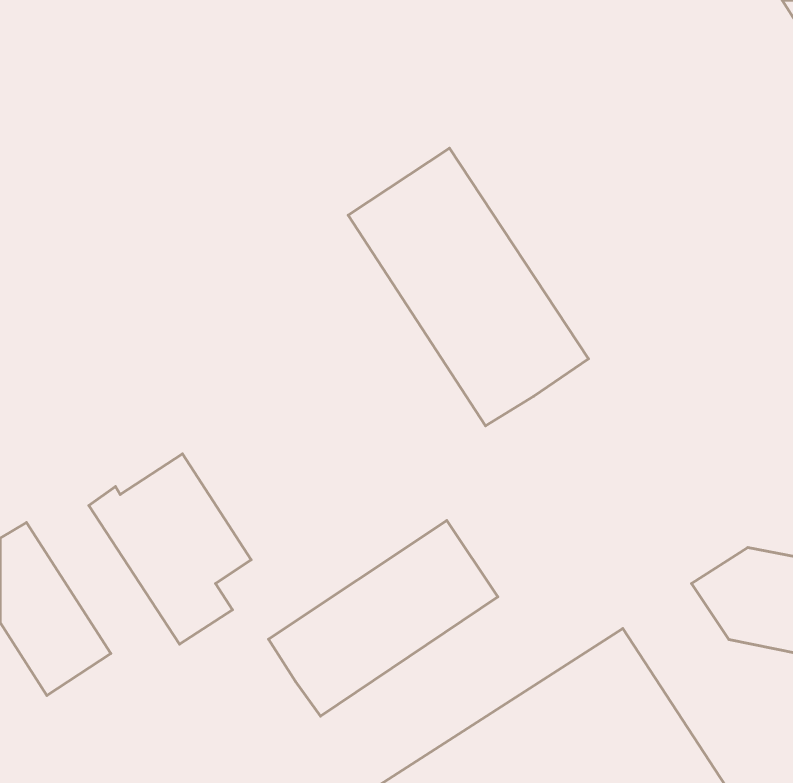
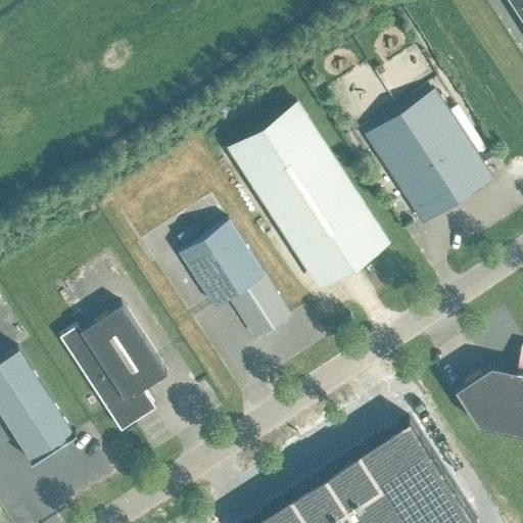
building: none -> [372,101,492,221]
building: none -> [180,222,292,341]
building: [269,520,498,716] -> none

